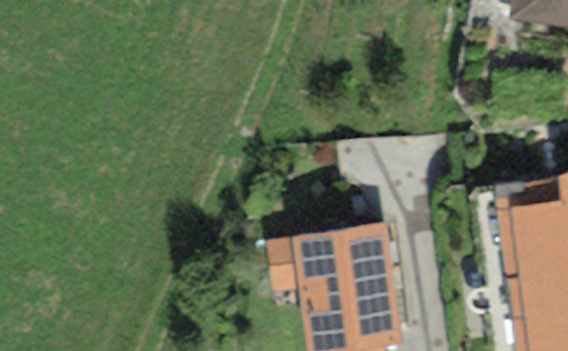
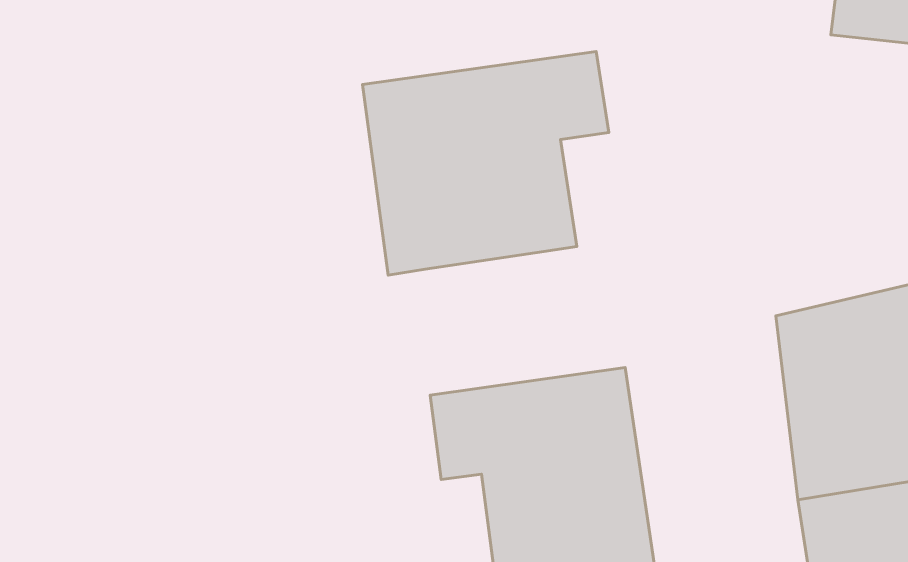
building: none -> [363,52,609,275]

